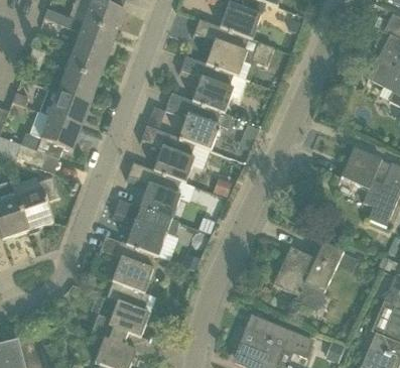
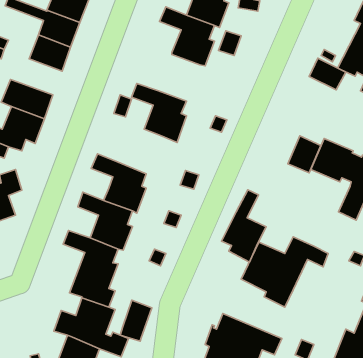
building: [179,55,232,112] -> none
building: none -> [309,58,346,90]
building: [50,69,98,104] -> none
building: [140,125,194,182] -> none
building: none -> [288,136,321,173]
building: none -> [221,190,266,262]
building: none -> [120,300,152,341]

